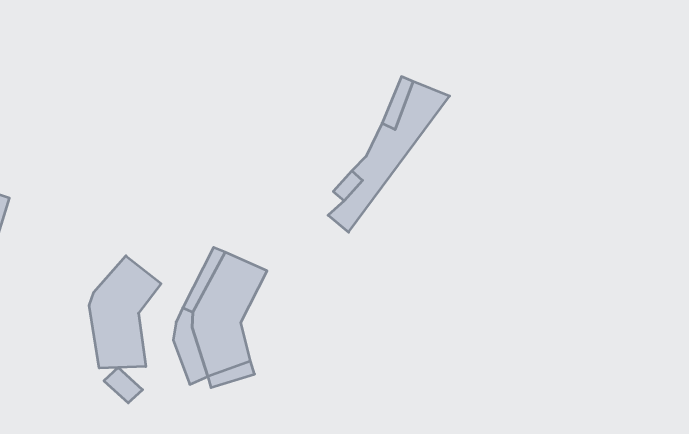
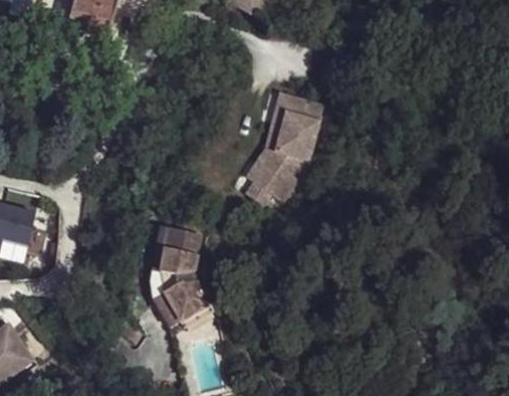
building: none -> [258,101,323,202]
building: [89,256,161,368] -> none

